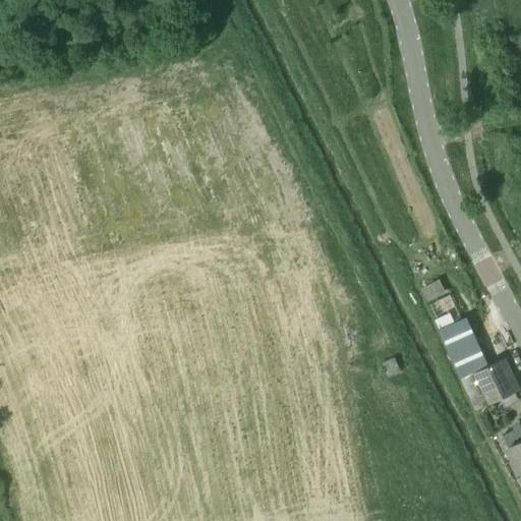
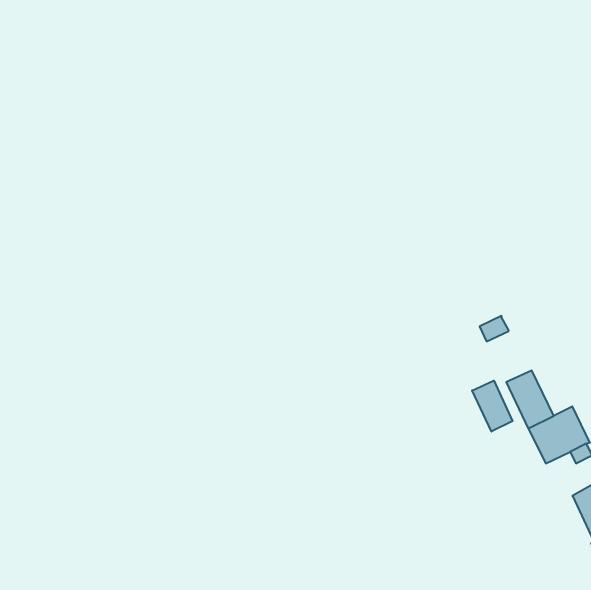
building: none -> [472,381,513,432]

